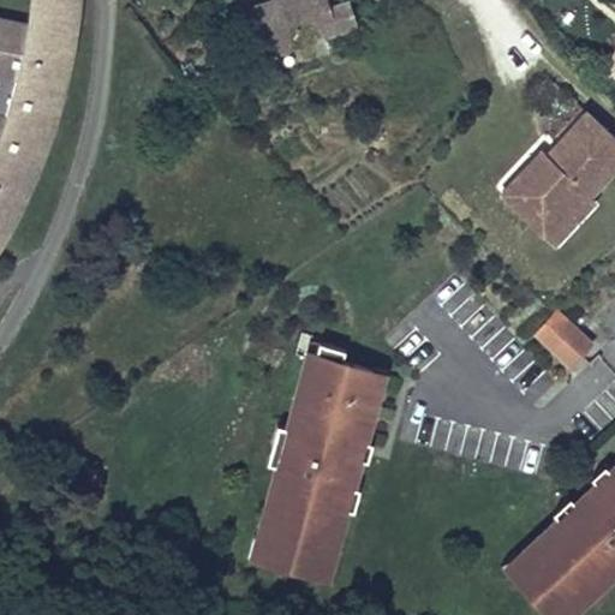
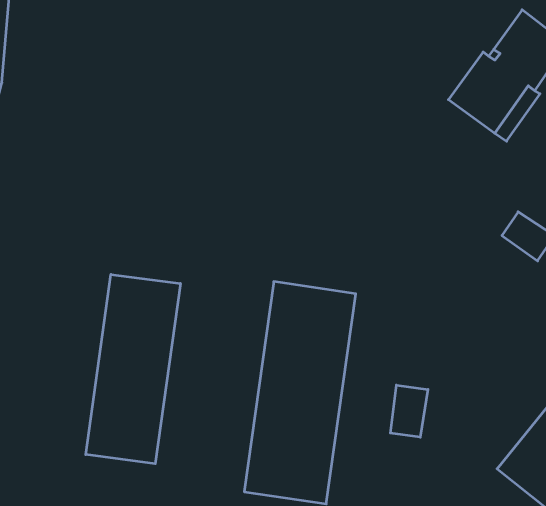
building: none -> [86,274,180,464]
building: none -> [390,385,428,437]

